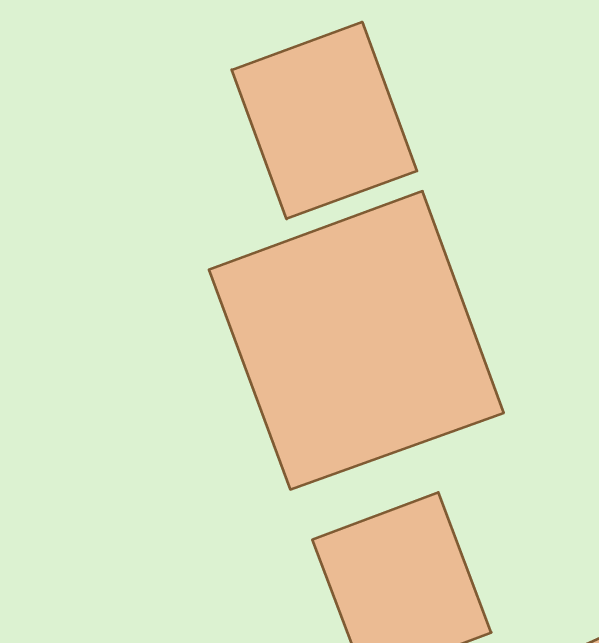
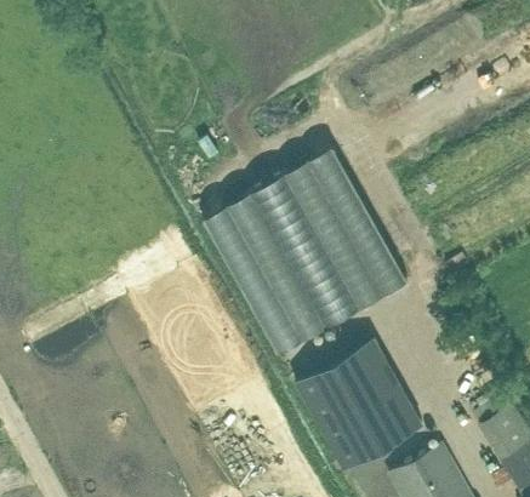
building: [232,22,417,219] -> none

